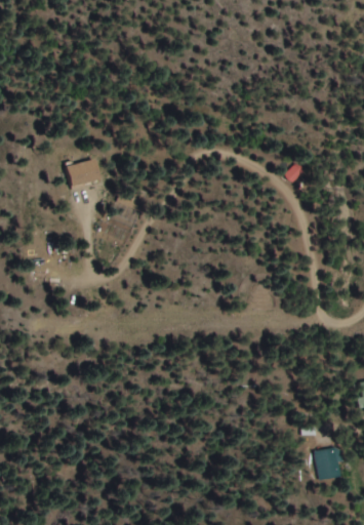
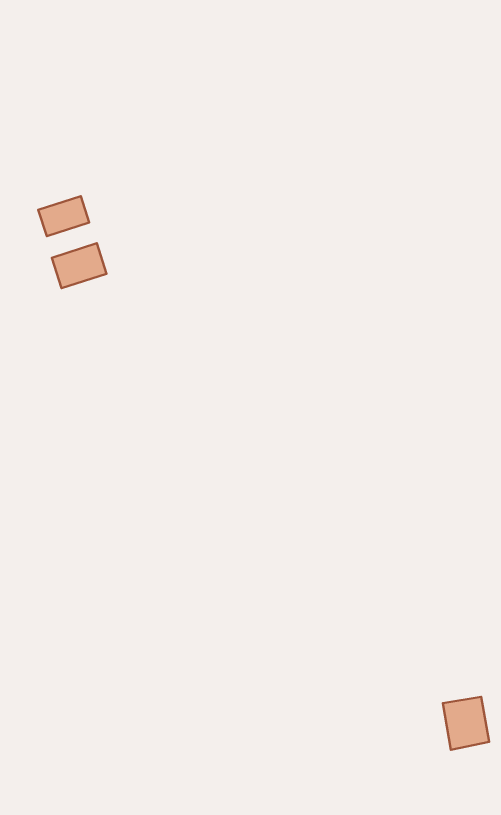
building: none -> [38,196,89,236]

